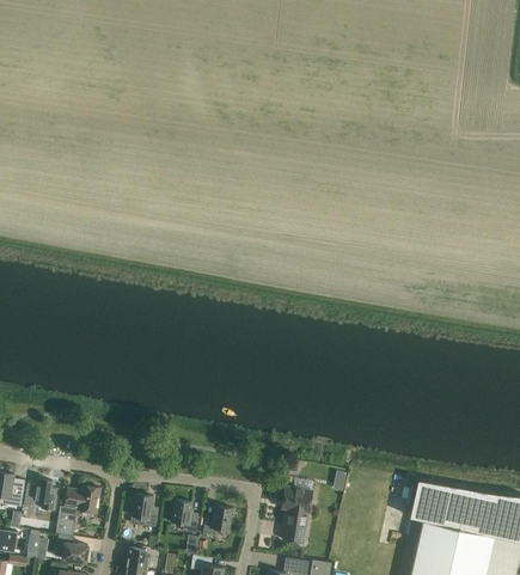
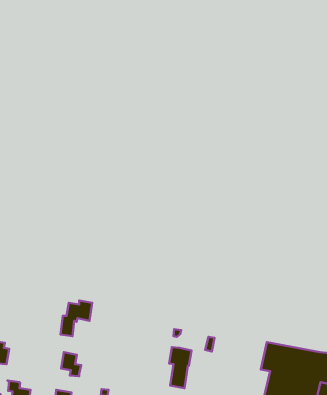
building: [55,485,99,536] -> [60,300,92,336]
building: [170,500,197,533] -> none
building: [202,506,232,537] -> none

